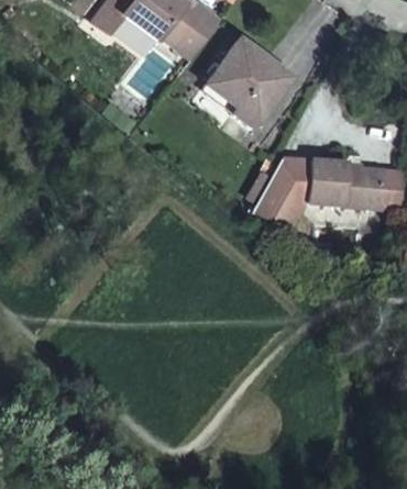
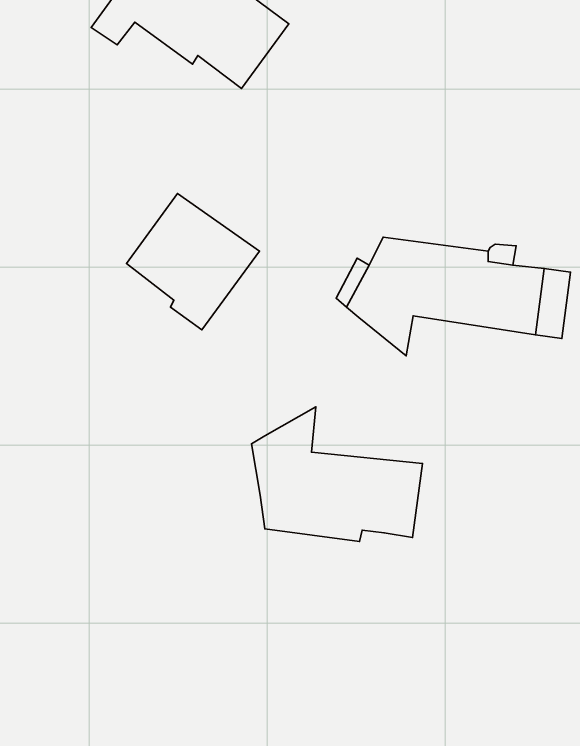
building: [207,38,290,124] -> [127,193,260,330]
building: none -> [251,407,422,541]

